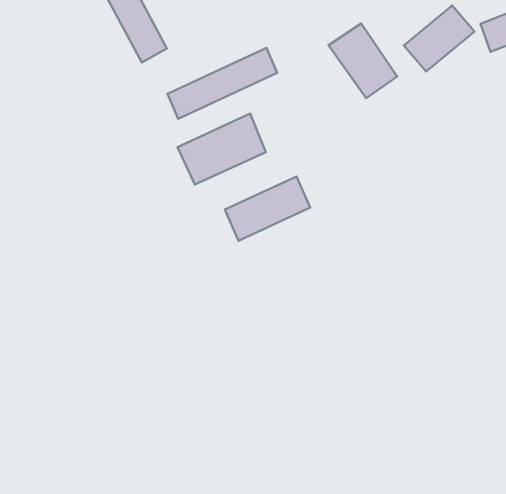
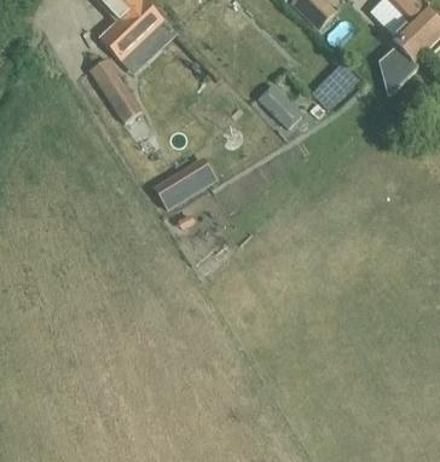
building: [167,48,277,119] -> none
building: [225,176,310,241] -> none

